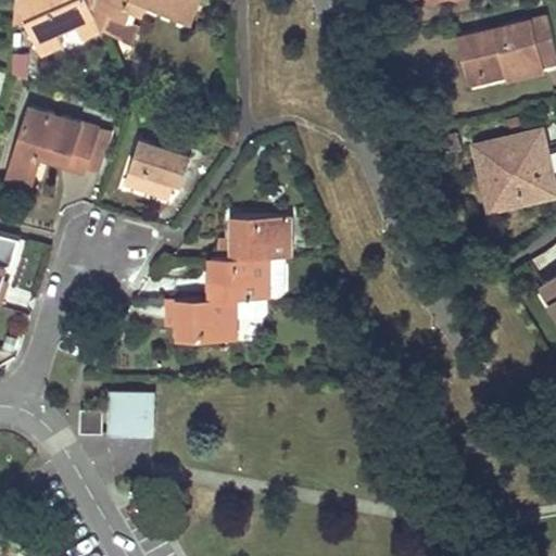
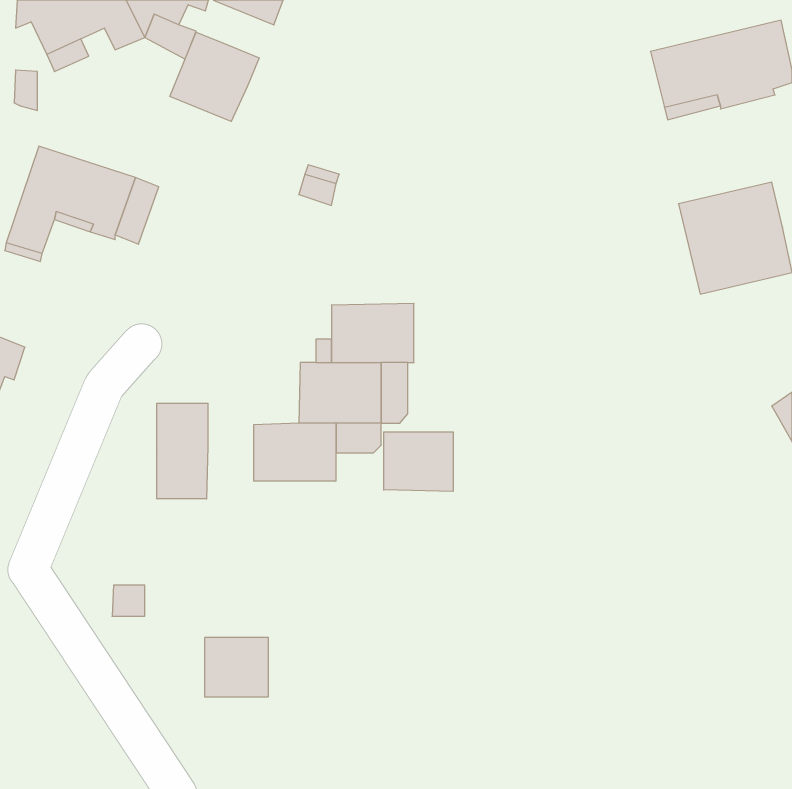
building: none -> [170,32,259,121]
building: [124,140,190,198] -> none
building: none -> [157,403,208,499]
building: none -> [384,432,453,491]
building: [108,393,152,434] -> [205,638,268,697]

